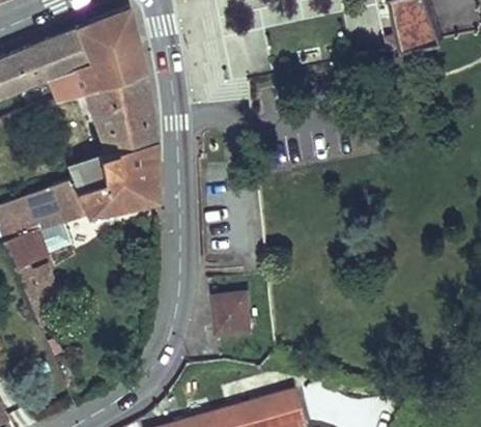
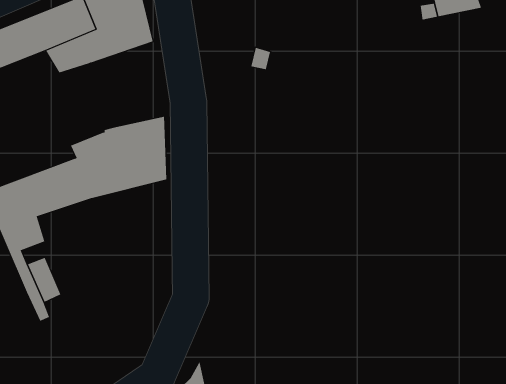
building: [86,72,154,150] -> none
building: [216,293,252,335] -> none

